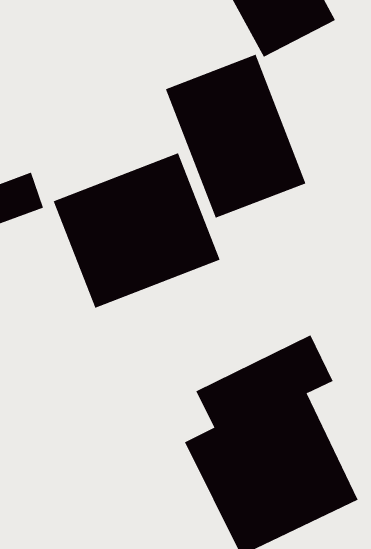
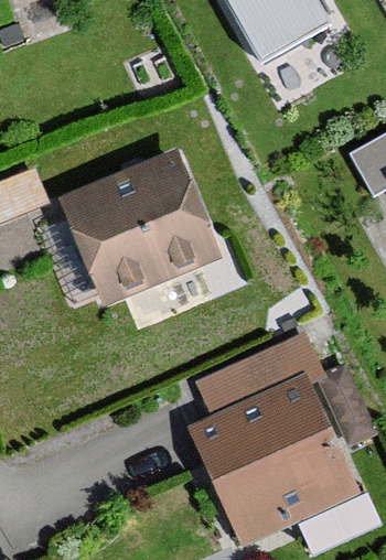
building: [165,54,306,219] -> none

